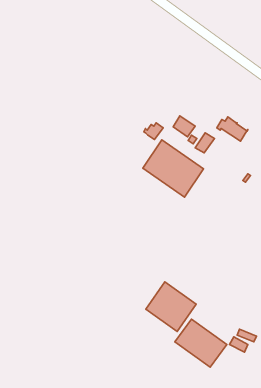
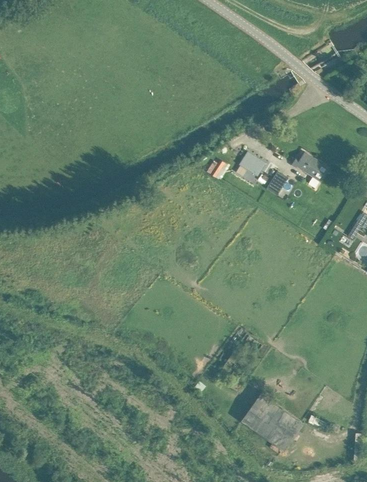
building: [143,140,204,197] -> none
building: [146,282,196,332] -> none

